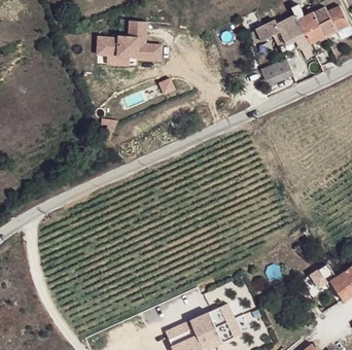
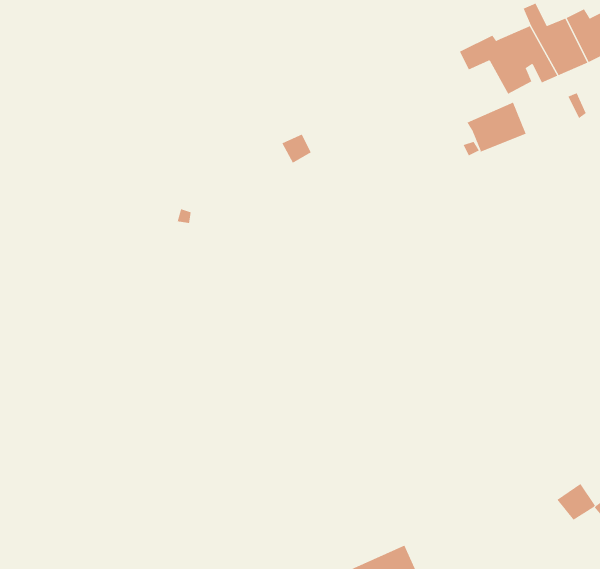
building: [96,21,161,61] -> none

